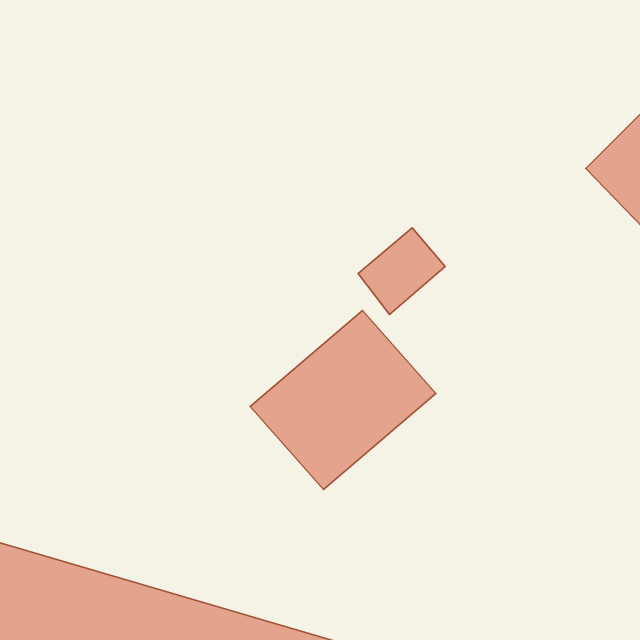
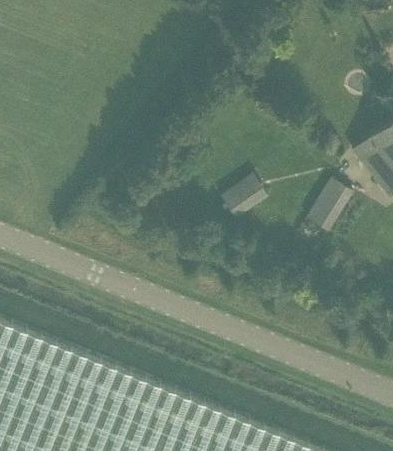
building: none -> [305,179,353,234]
building: [250,310,436,490] -> none

